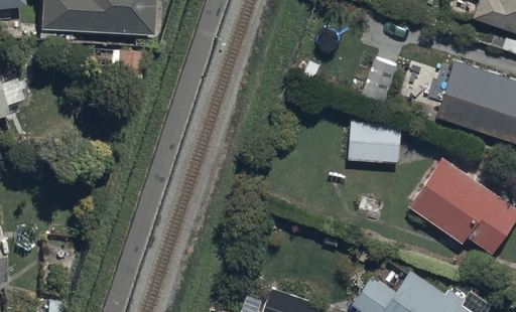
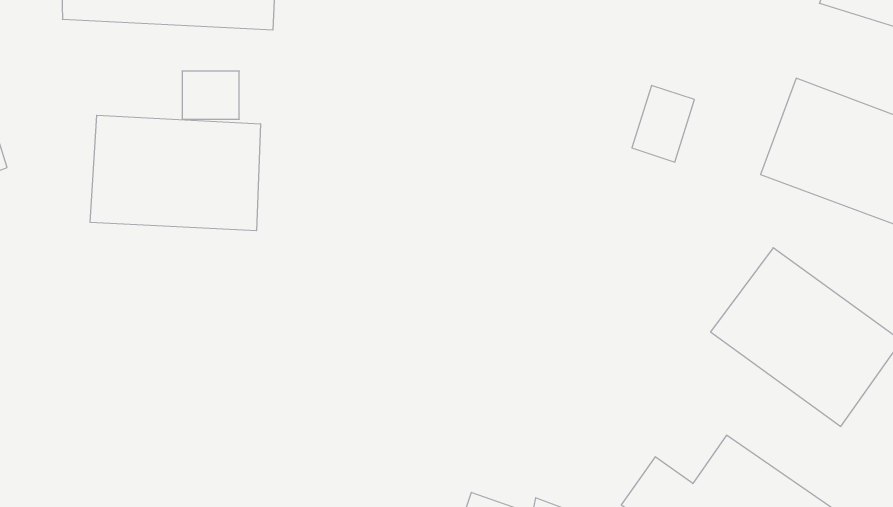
building: none -> [90,115,260,231]
building: [349,128,401,166] -> none

